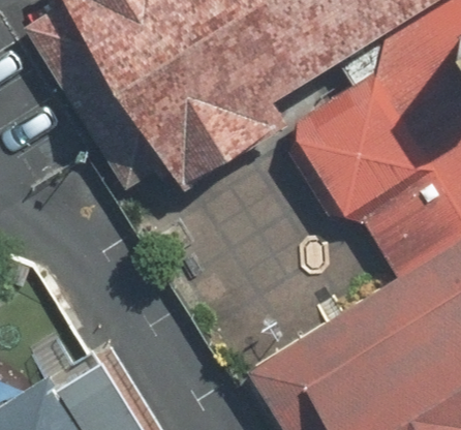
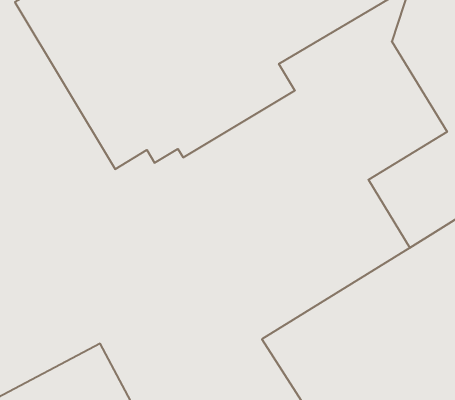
building: [307,72,439,207] -> none

